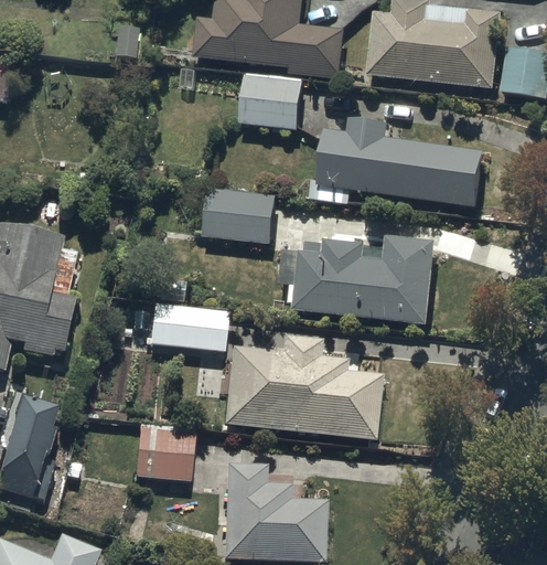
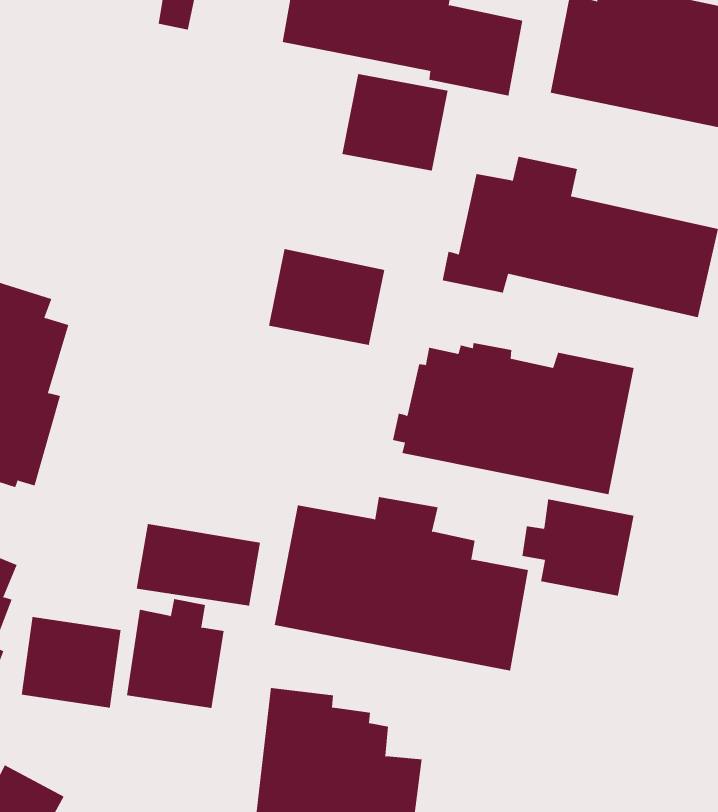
building: [149,306,225,352] -> [136,523,261,606]
building: none -> [522,498,634,596]
building: none -> [21,616,121,709]

